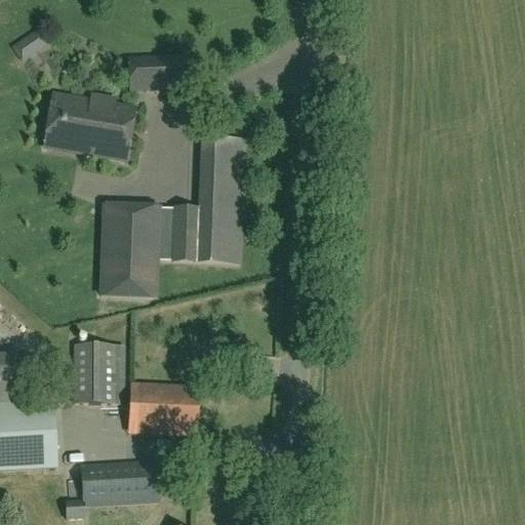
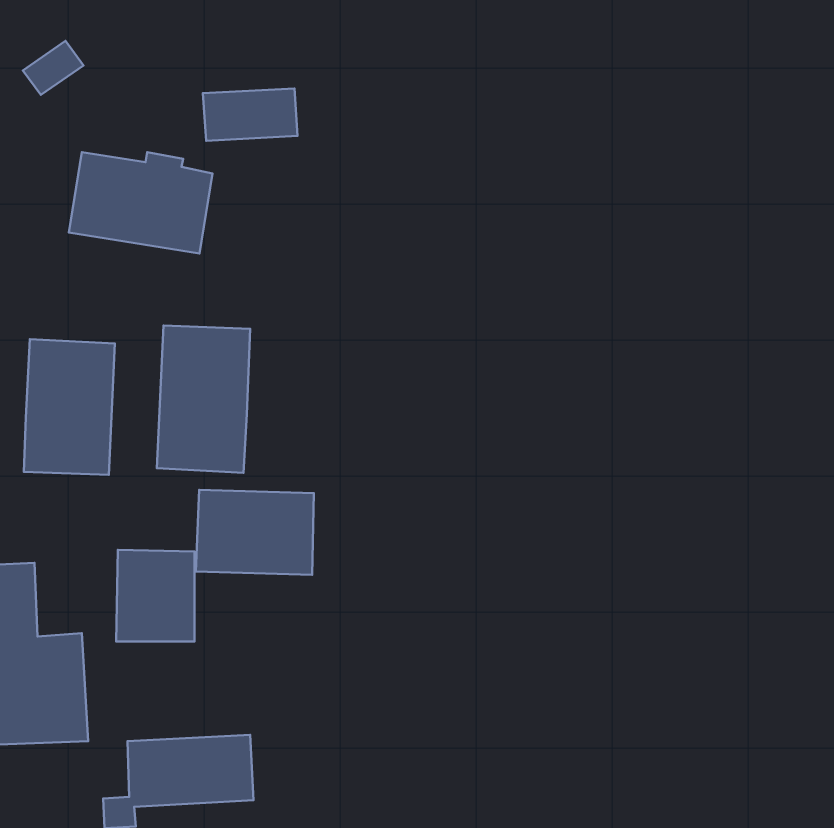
building: [171,137,242,262] -> none
building: none -> [24,339,115,475]
building: [138,380,212,434] -> [196,490,314,575]

